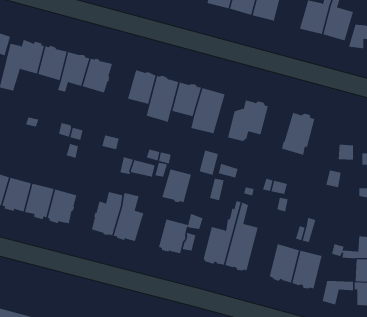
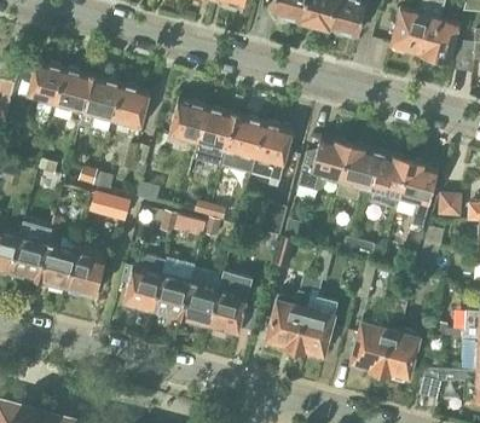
building: none -> [336,144,381,199]
building: none -> [400,158,439,226]
building: [161,169,192,203] -> [180,282,219,325]

